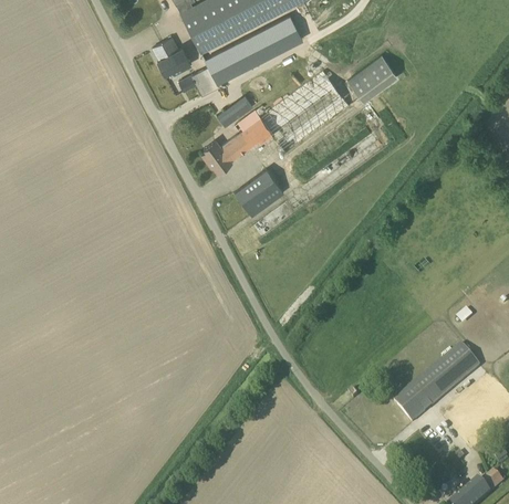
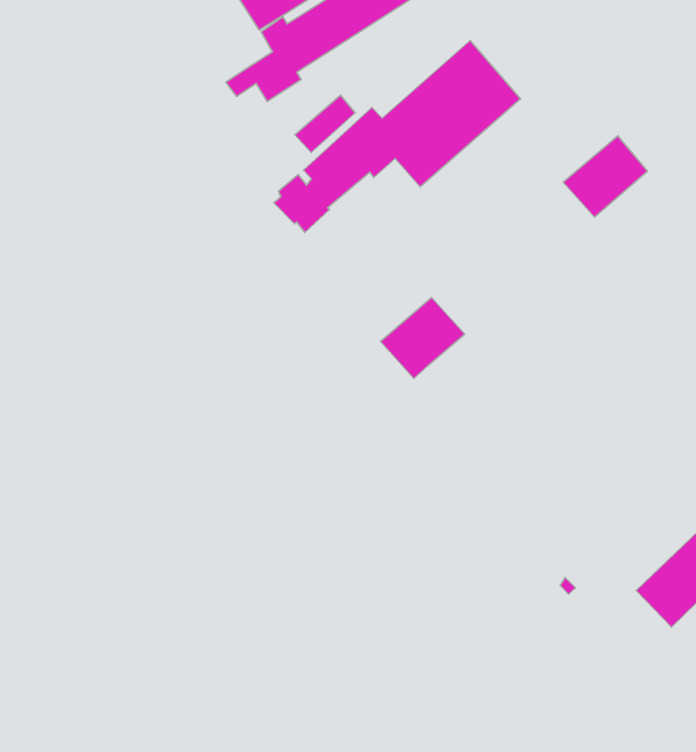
building: [152,38,190,74] -> none
building: [346,55,396,102] -> [563,136,647,217]
building: [233,169,283,216] -> [380,297,465,378]

